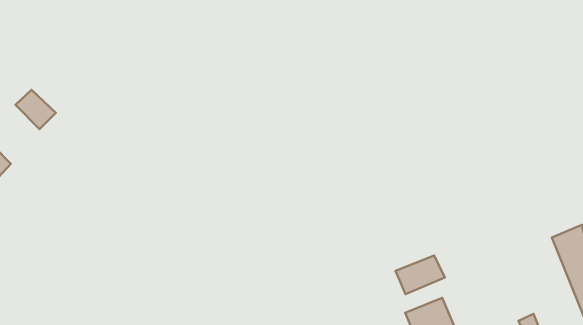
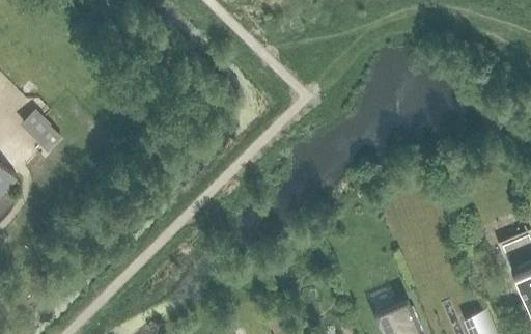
building: [396,255,445,294] -> none

